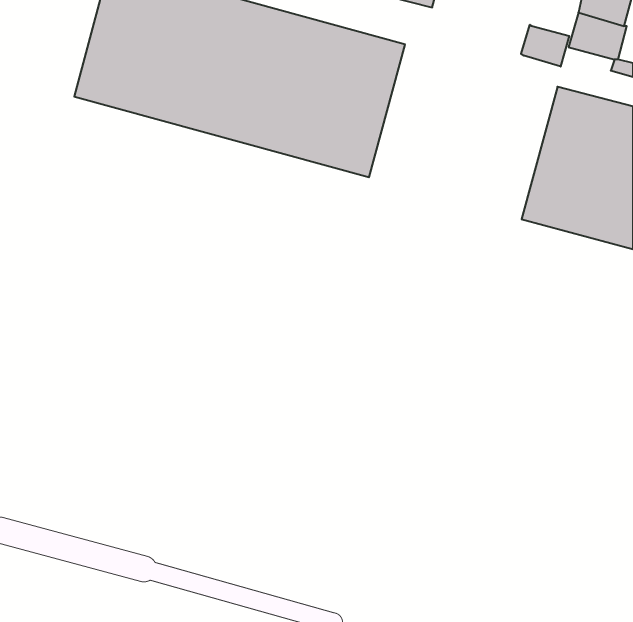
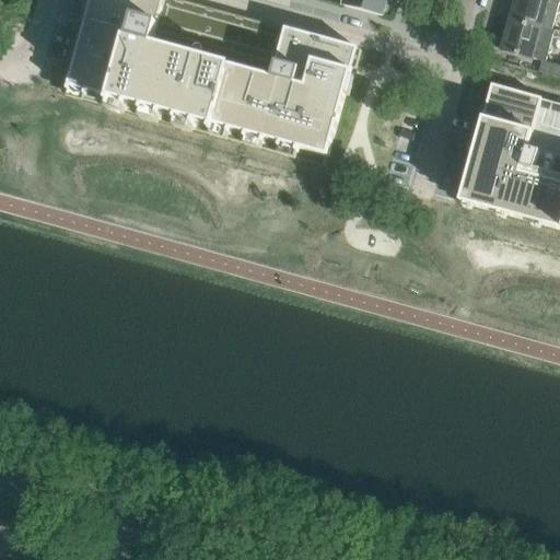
building: [521,25,569,67] -> none

